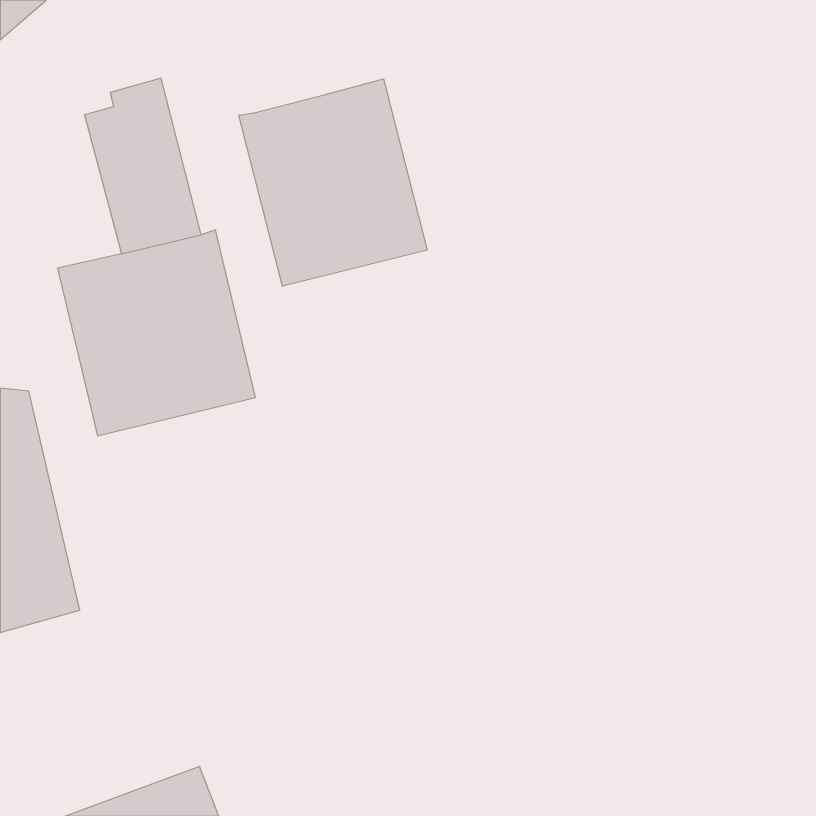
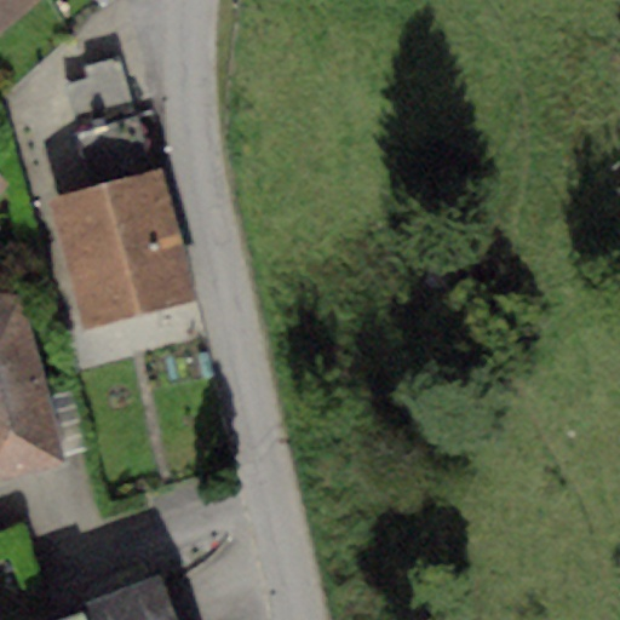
building: [239,79,427,286] -> none

